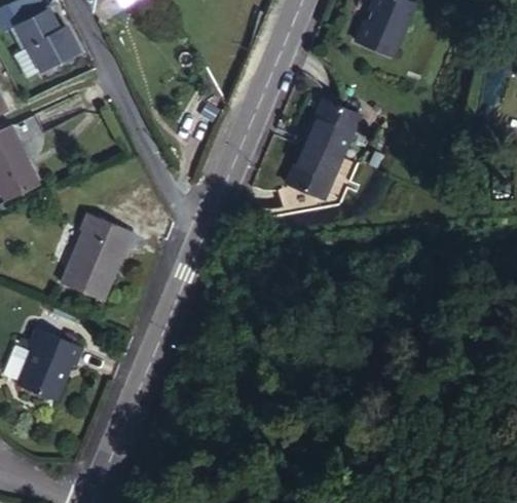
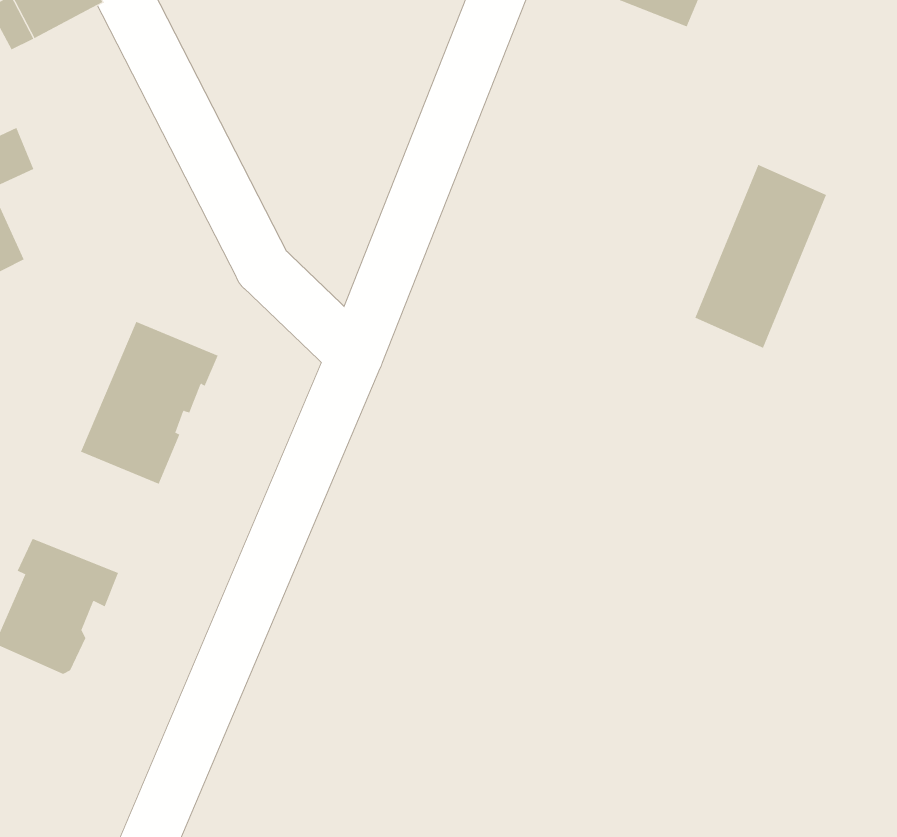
building: [286,101,357,199] -> [694,164,827,349]

